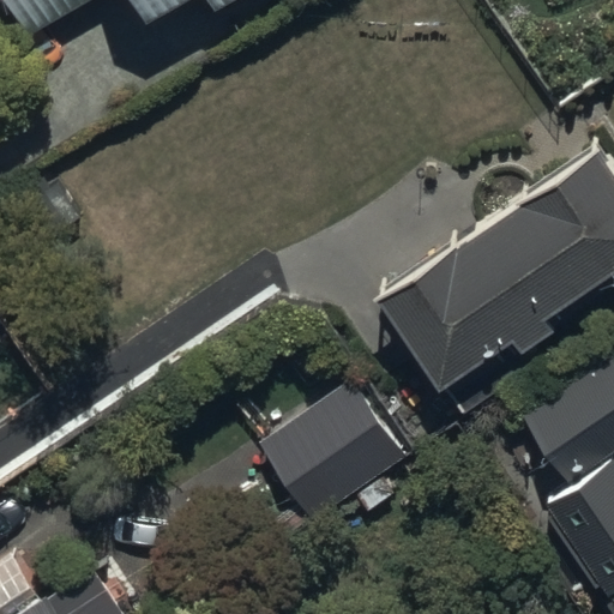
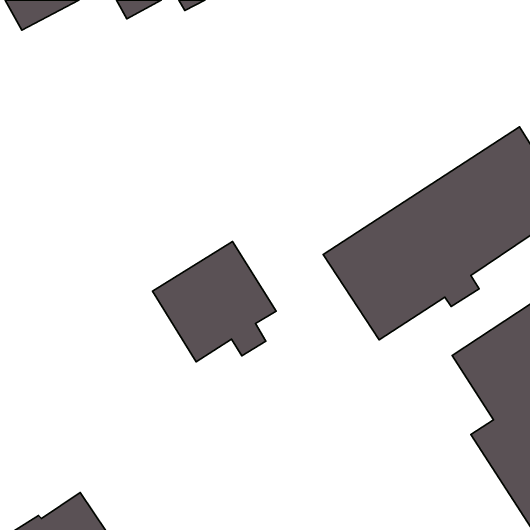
building: [264,381,407,520] -> [153,241,276,362]

